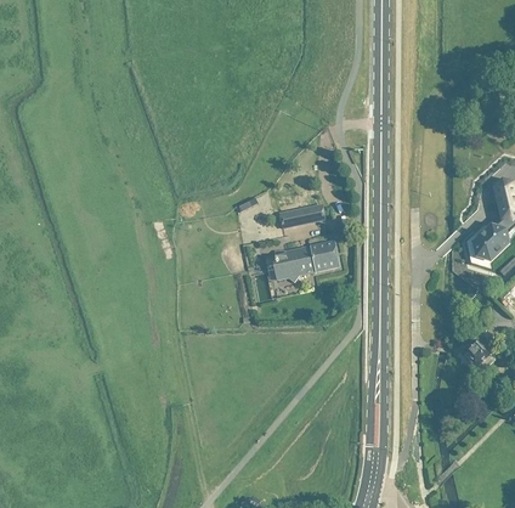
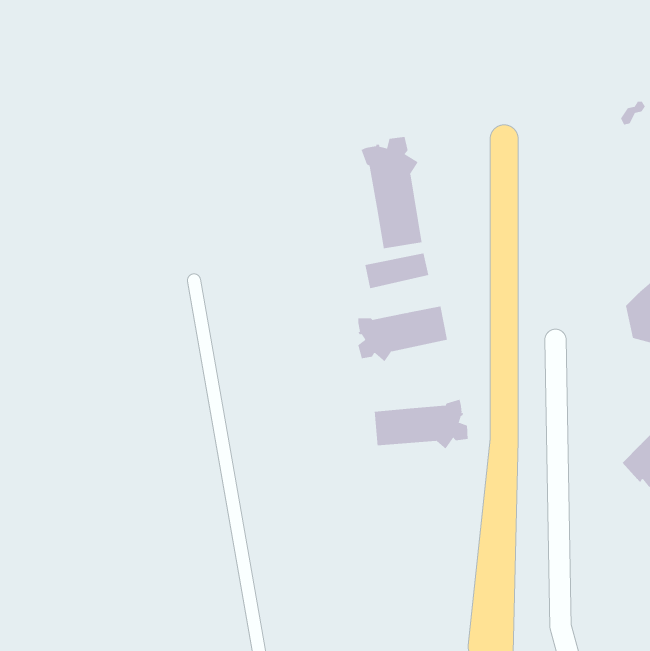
building: none -> [361,136,422,249]
building: none -> [374,399,468,450]

